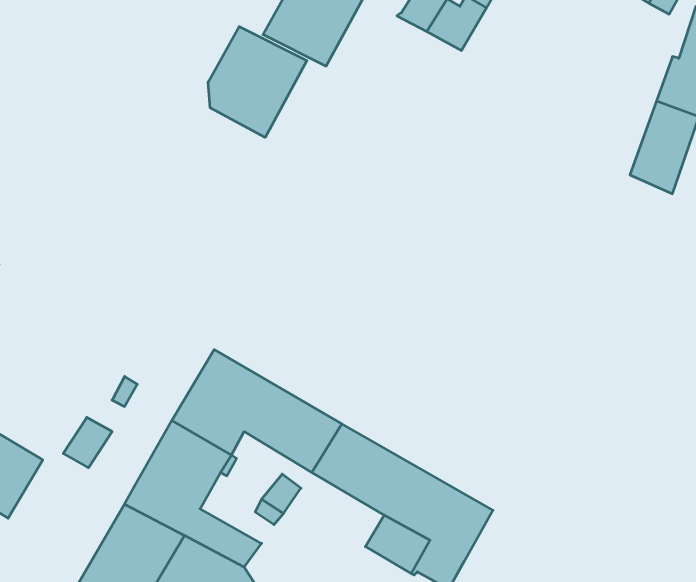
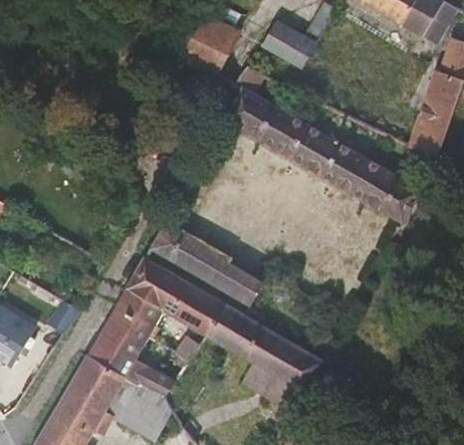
building: [208,27,307,137] -> none
building: none -> [217,66,420,222]
building: none -> [150,221,262,305]

